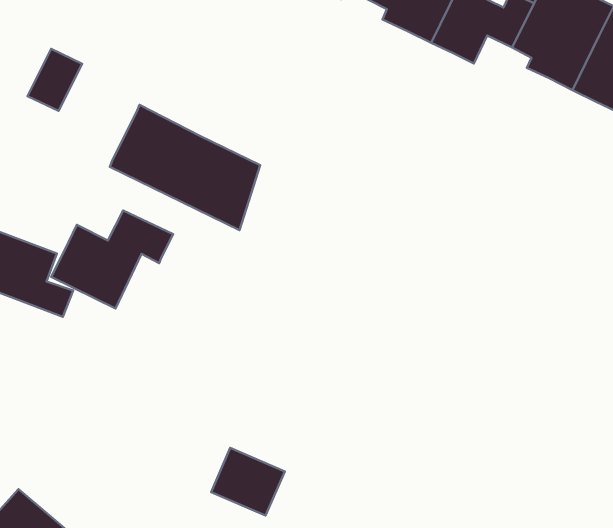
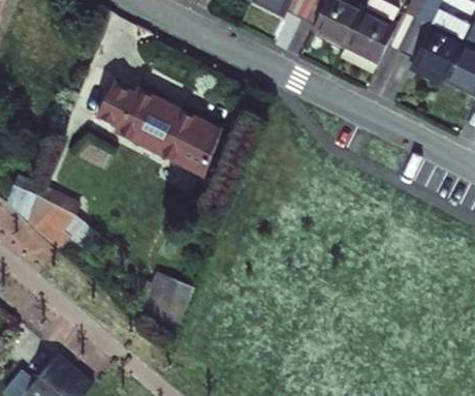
building: [28,49,82,111] -> [100,86,138,129]
building: [51,210,173,308] -> none
building: [211,448,285,516] -> [144,267,195,314]

